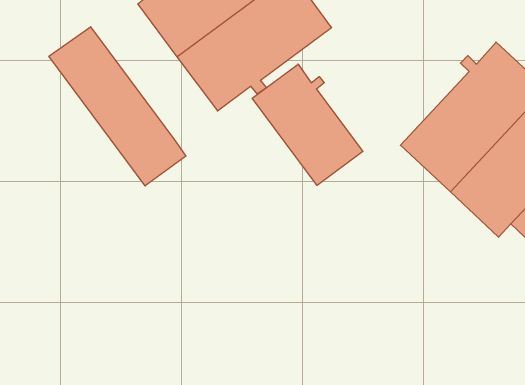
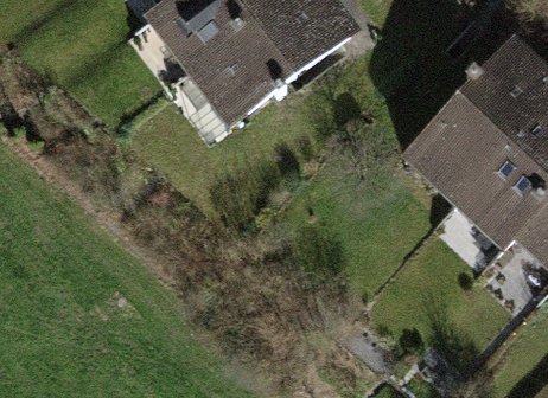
building: [49,27,186,186] -> none
building: [252,64,363,185] -> none

